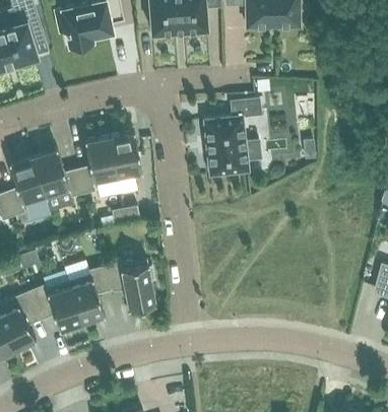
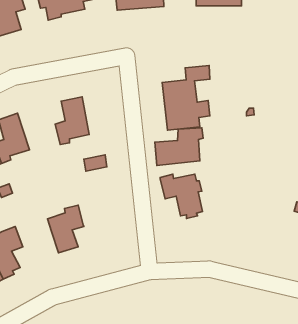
building: [110,133,143,183] -> none
building: [33,150,83,201] -> none
building: none -> [155,128,203,165]
building: [105,261,155,314] -> [160,174,203,218]
building: [29,283,81,332] -> none

